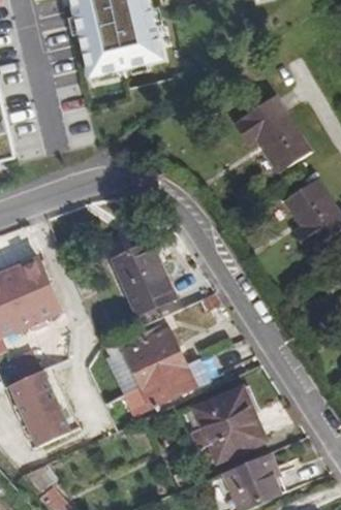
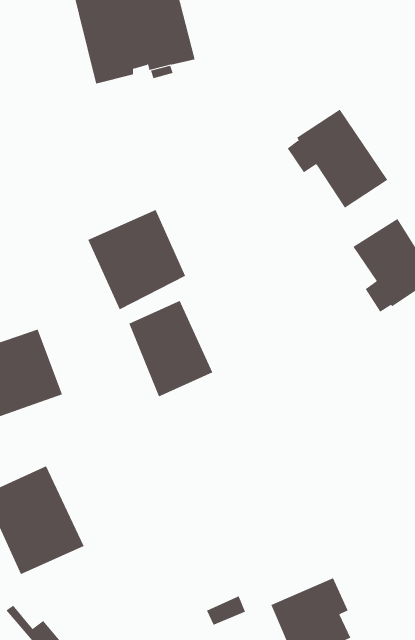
building: none -> [88,209,186,310]
building: [125,329,196,407] -> none
building: [195,386,266,463] -> none

